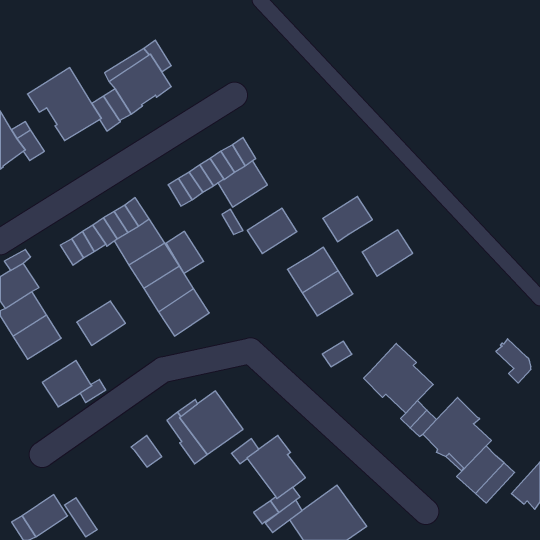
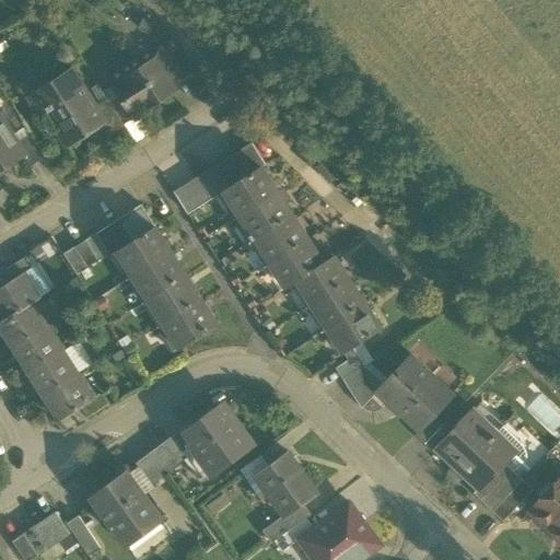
building: none -> [241,191,292,238]
building: [323,196,372,242] -> [271,240,323,287]
building: [362,230,413,276] -> [328,304,381,352]
building: [166,231,204,274] -> none
building: [77,301,125,345] -> [28,350,79,396]
building: [496,339,531,383] -> [490,425,526,471]
building: none -> [342,366,383,407]
building: none -> [152,435,188,472]
building: none -> [93,472,160,541]

